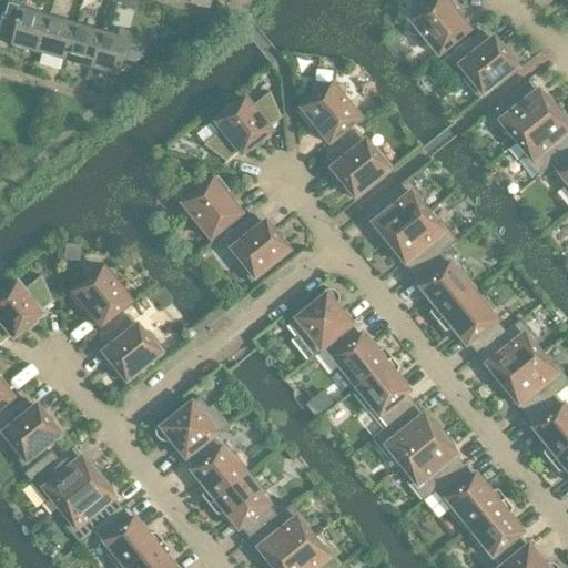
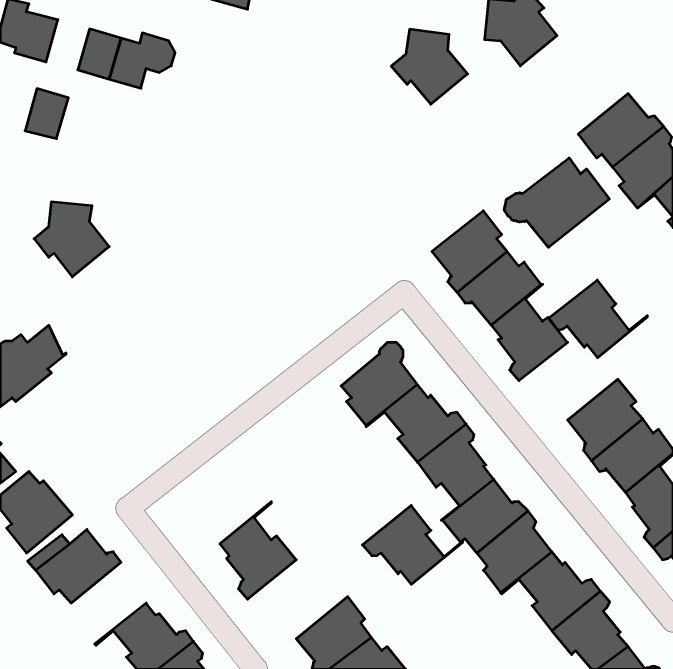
building: [39,17,75,59] -> [25,89,68,139]
building: [450,30,518,98] -> none
building: [296,80,361,143] -> [391,29,468,104]
building: [203,91,284,163] -> none
building: [326,130,394,197] -> none
building: none -> [504,158,609,247]
building: [181,175,242,239] -> none
building: [222,213,290,282] -> none
building: [69,264,132,327] -> [34,202,109,277]
building: [437,288,520,354] -> [549,280,647,358]
building: [98,314,165,382] -> none
building: [154,396,229,458] -> none
building: [209,471,293,538] -> [362,505,463,584]
building: [60,474,123,542] -> none

